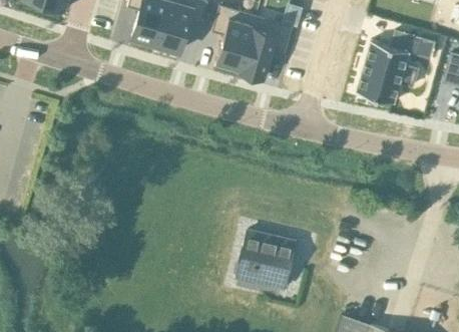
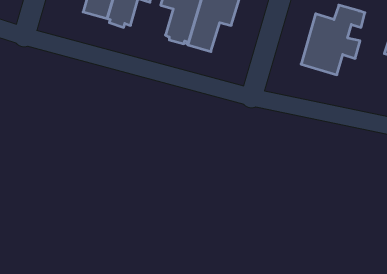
building: [238,231,295,289] -> none

